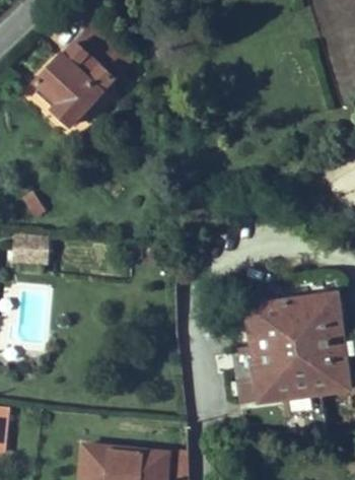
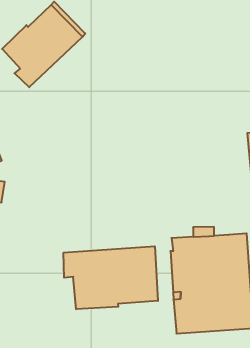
building: none -> [64,246,158,309]

